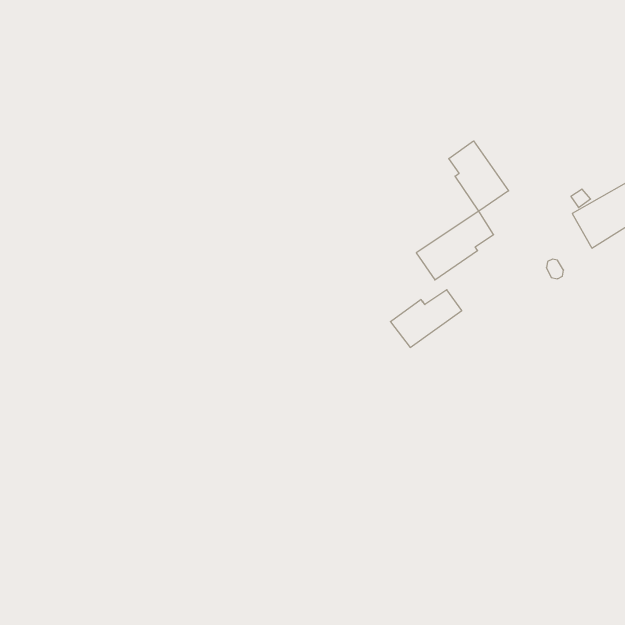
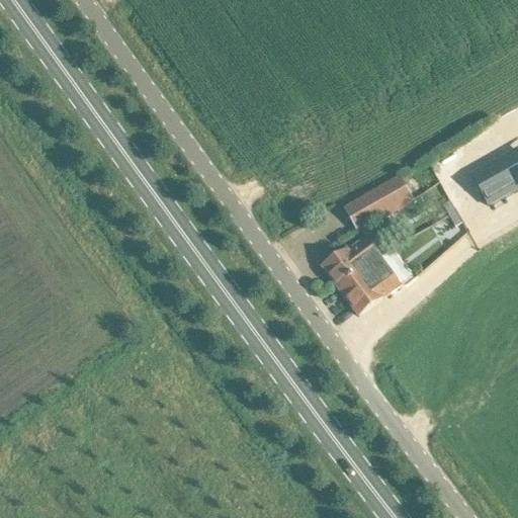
building: [449,141,509,211] -> none
building: none -> [340,256,404,316]

